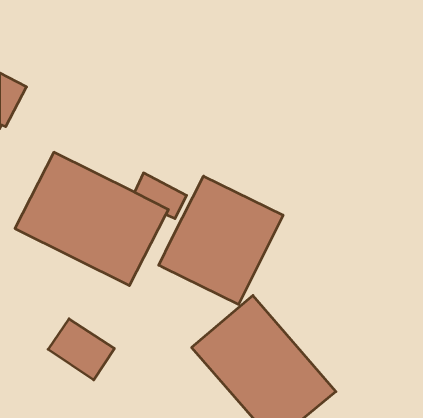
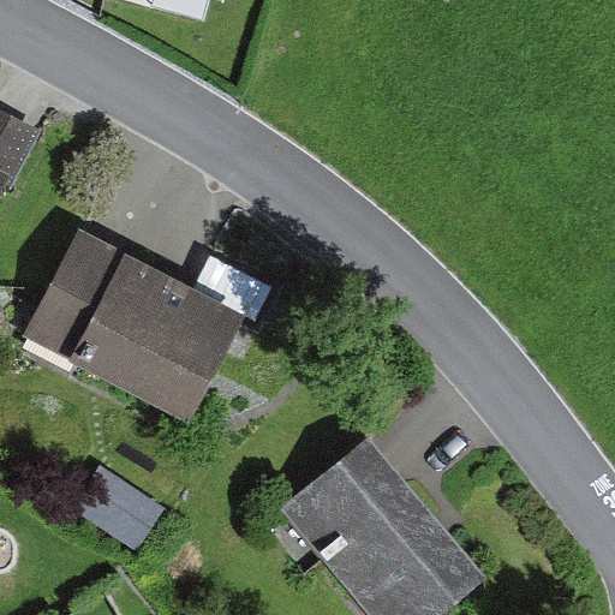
building: [159,176,283,304] -> none

